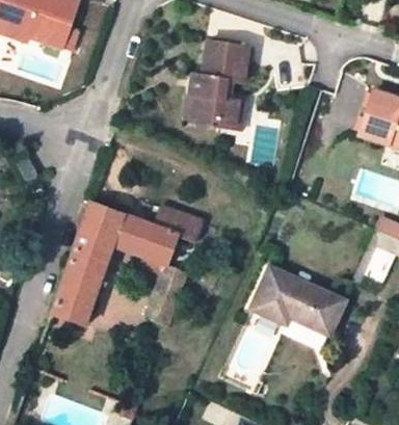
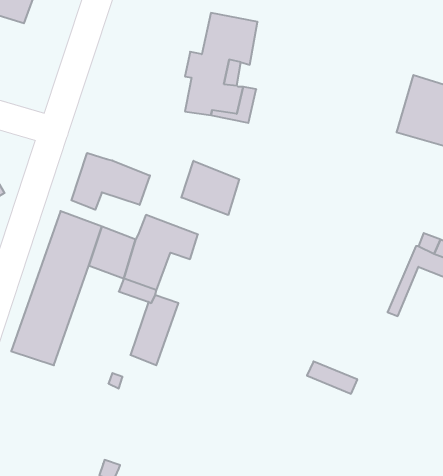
building: none -> [71,153,150,210]
building: none -> [181,161,239,215]
building: [251,265,346,334] -> none

